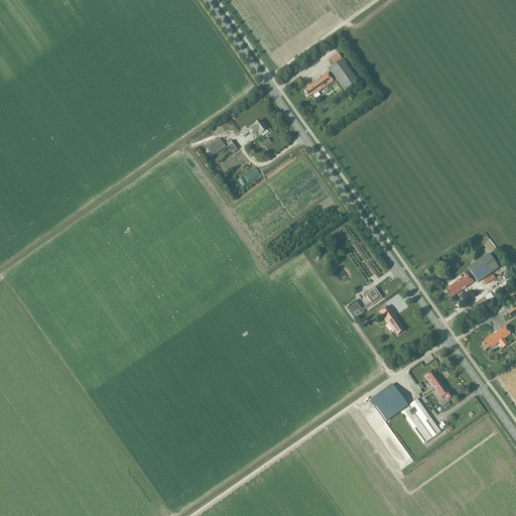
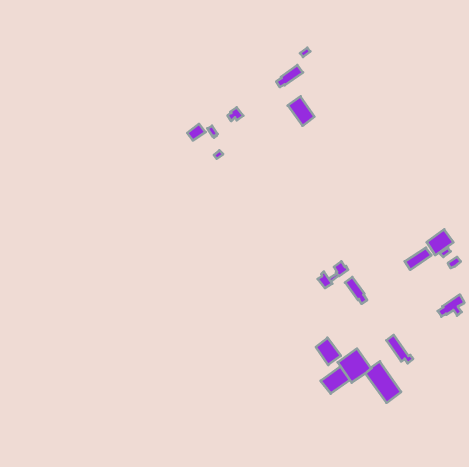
building: [329,57,358,90] -> [288,96,314,126]
building: none -> [316,338,341,365]
building: none -> [321,367,350,394]

